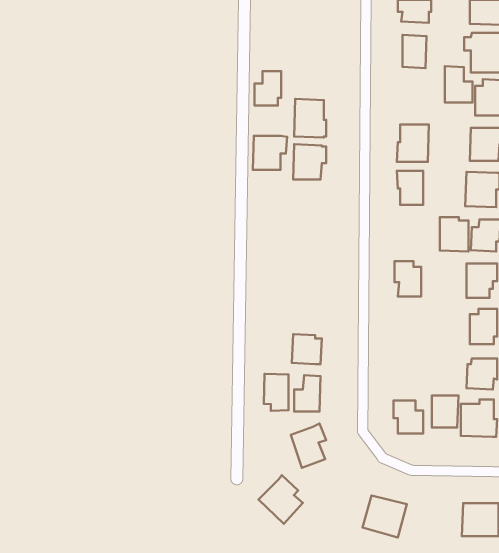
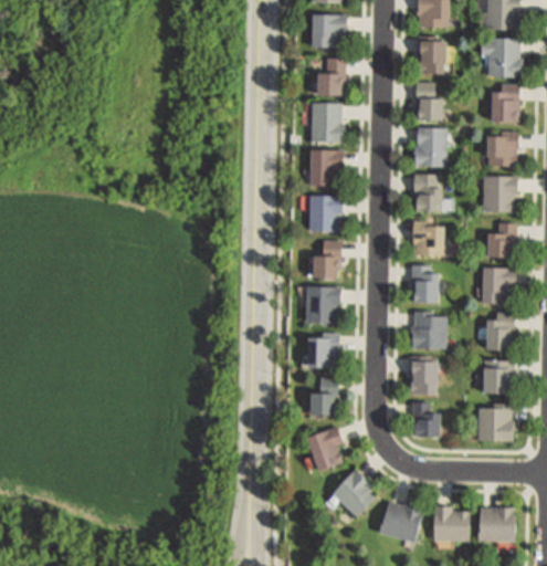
building: none -> [312,12,346,45]
building: [445,66,473,103] -> [414,82,442,118]
building: [255,71,281,106] -> [317,61,344,95]
building: [253,136,287,170] -> [308,196,343,230]
building: [440,217,469,251] -> [413,221,442,255]
building: none -> [314,240,341,276]
building: none -> [305,286,340,323]
building: none -> [411,312,445,348]
building: [264,374,289,411] -> none
building: [432,395,458,428] -> [410,361,436,394]
building: [259,475,303,524] -> [332,469,376,517]
building: none -> [434,506,469,541]

